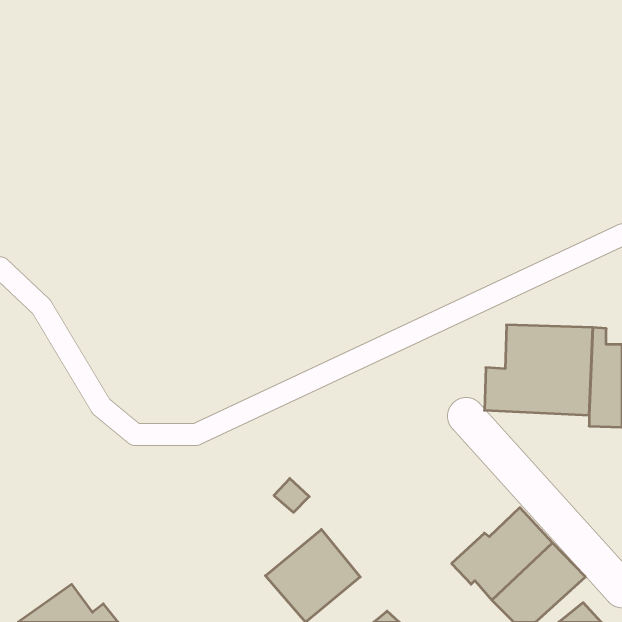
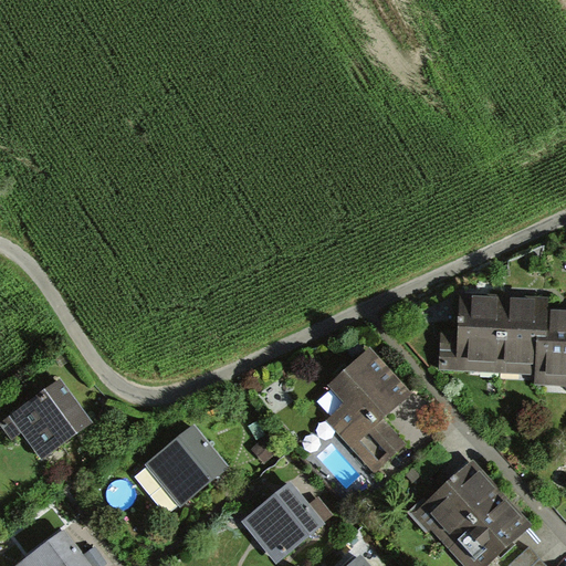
building: none -> [326,347,411,471]
building: none -> [8,382,85,458]
building: none -> [144,424,229,509]

